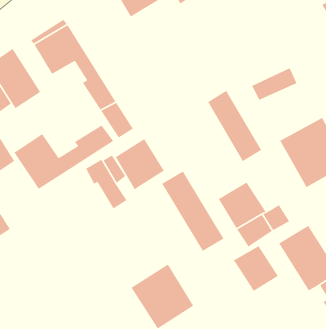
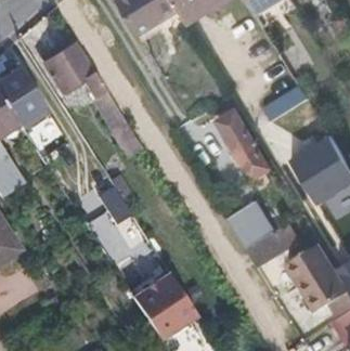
building: [14,125,114,190] -> none
building: [115,138,165,191] -> none
building: [161,171,225,252] -> none
building: [233,245,279,292] -> none

